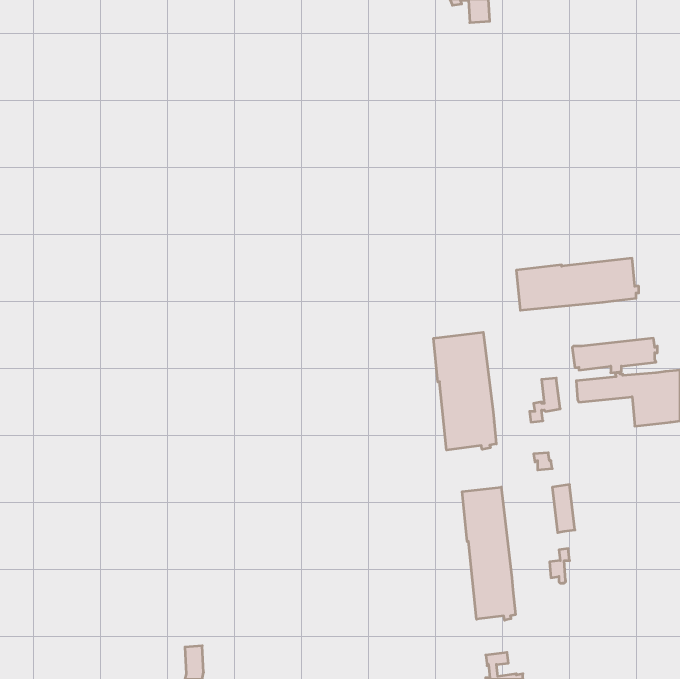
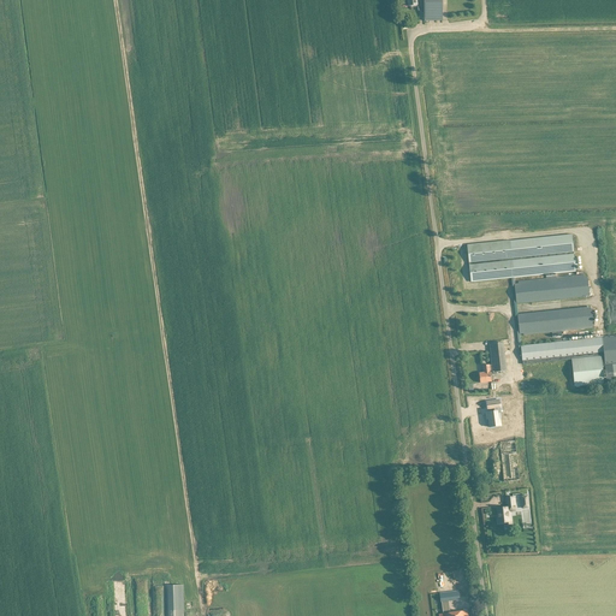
building: none -> [515,272,590,302]
building: [434,332,496,450] -> none
building: [462,487,515,620] -> none

